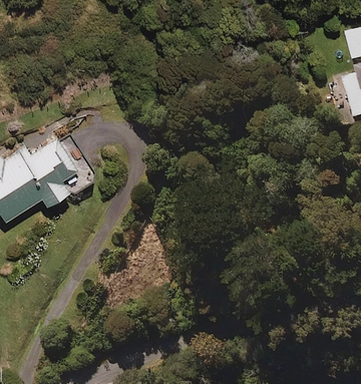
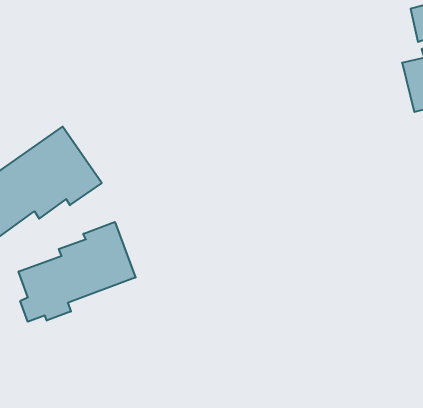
building: none -> [19,222,136,322]

